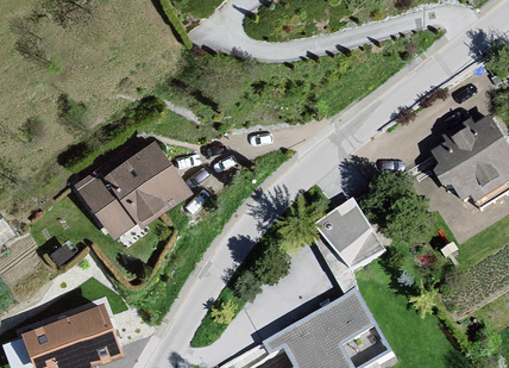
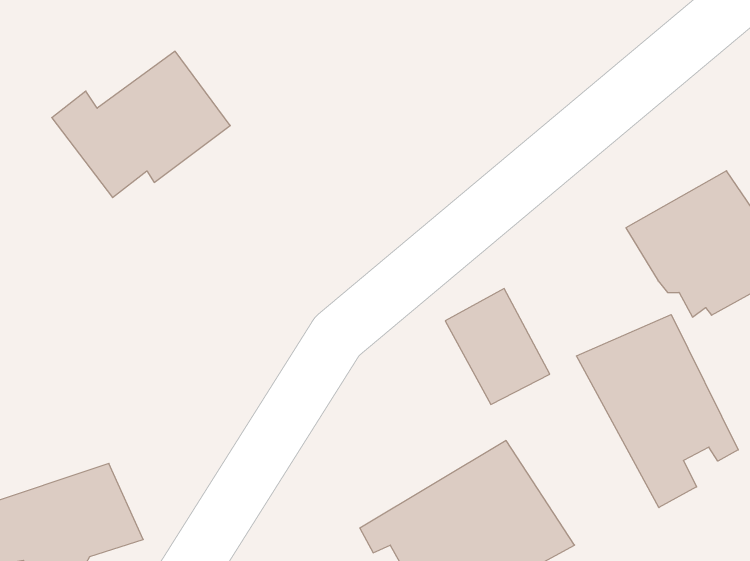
building: [71,143,183,235] -> [52,51,230,198]
building: none -> [576,315,738,508]

